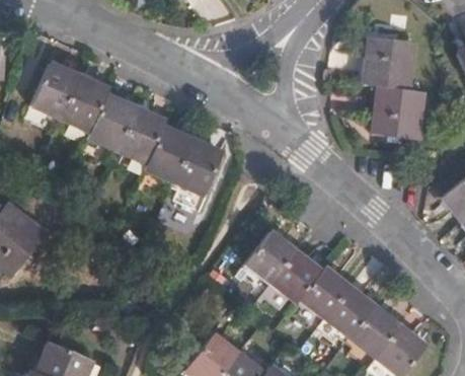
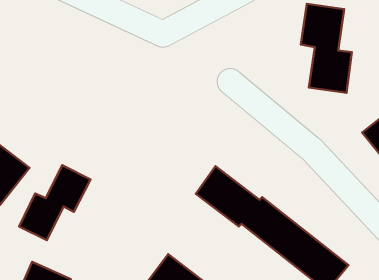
building: [29,61,220,192] -> none
building: none -> [19,165,91,240]

